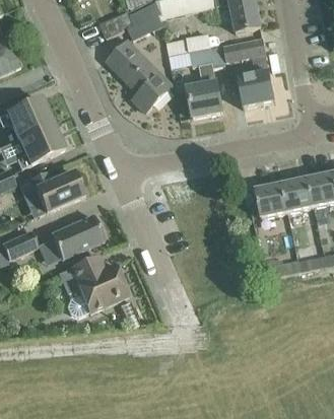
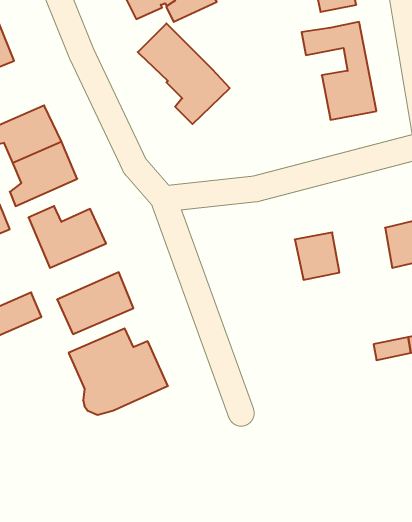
building: [165,32,225,117] -> none
building: [255,184,286,217] -> [295,232,339,280]

